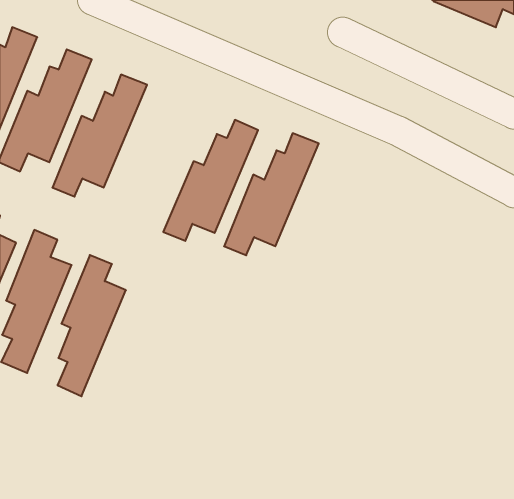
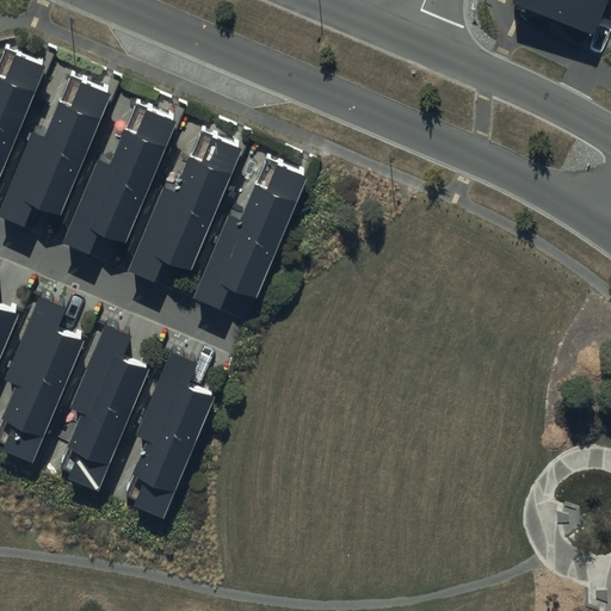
building: [224,133,319,255] -> [130,134,242,278]
building: none -> [134,346,217,514]

